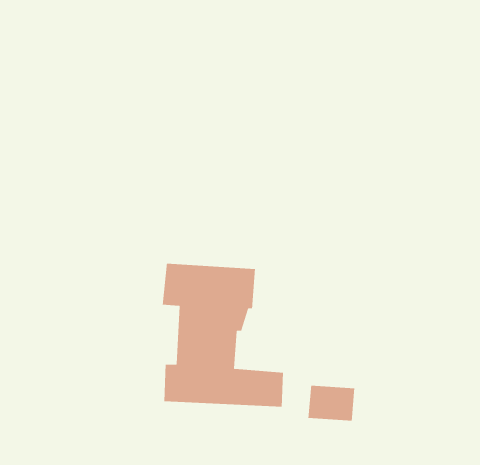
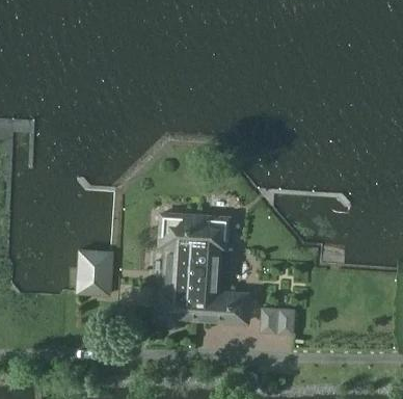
building: none -> [78,251,112,295]

